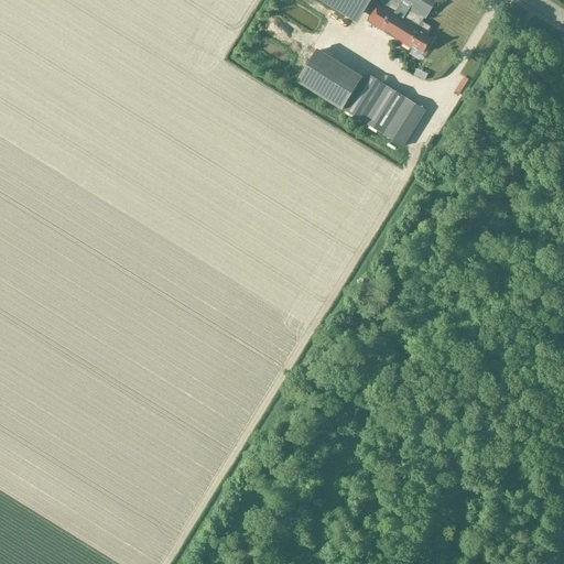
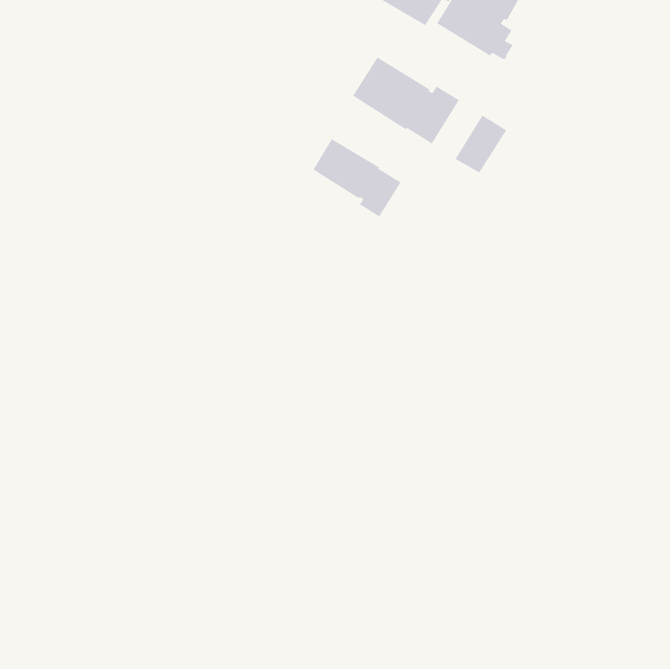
building: [362,84,404,133] -> none
building: none -> [312,138,402,218]

